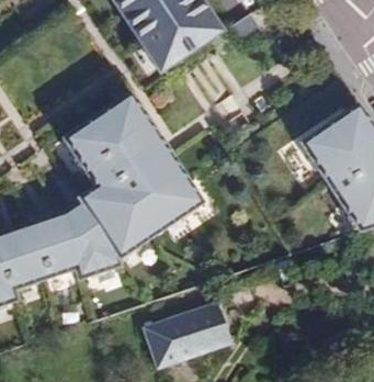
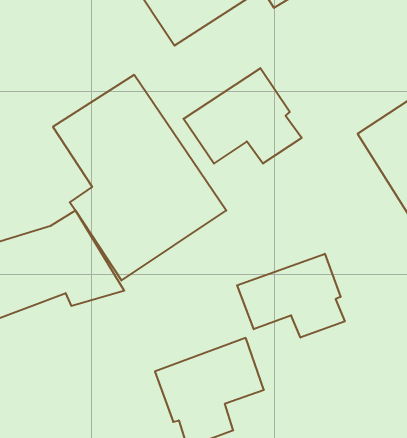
building: none -> [183,68,302,164]
building: none -> [237,254,345,338]

